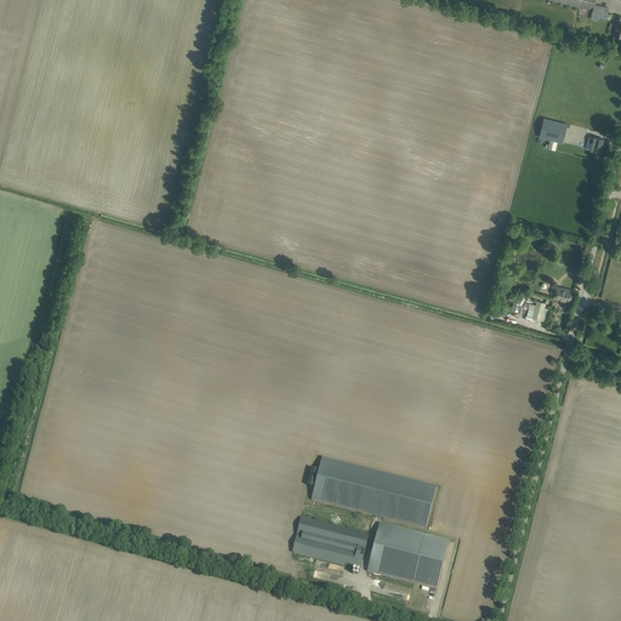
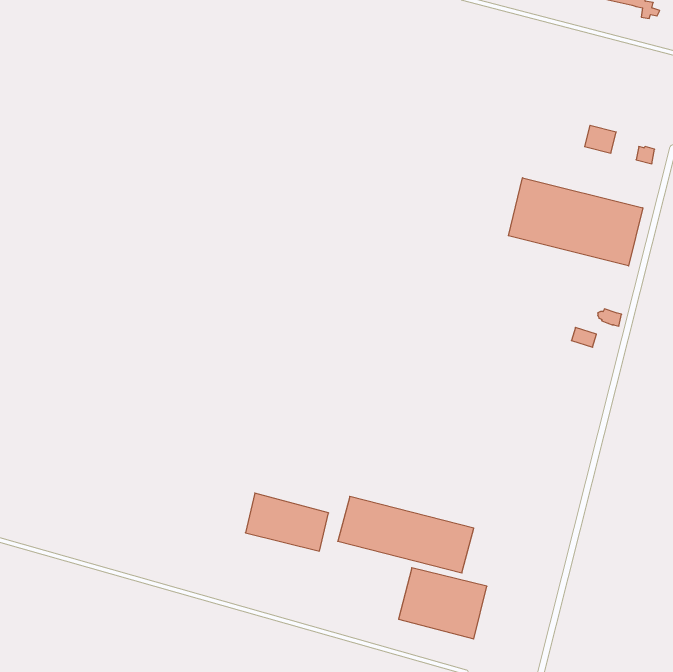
building: none -> [508,178,643,266]
building: [291,514,368,568] -> [245,493,329,551]

